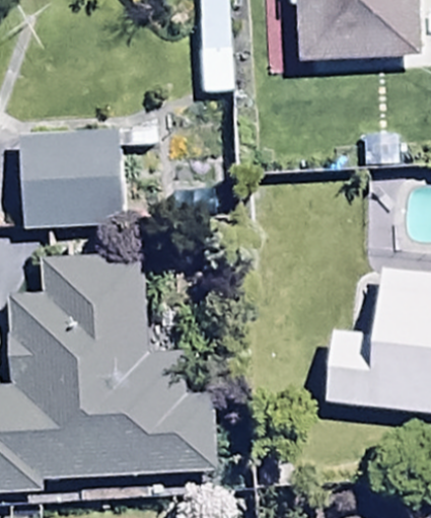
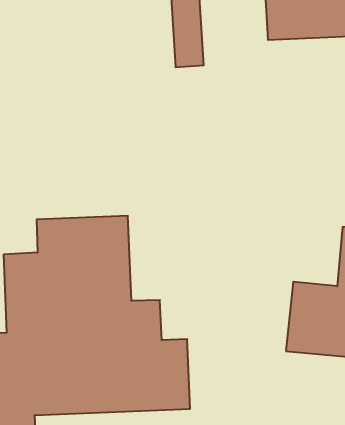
building: [17,131,124,227] -> none

